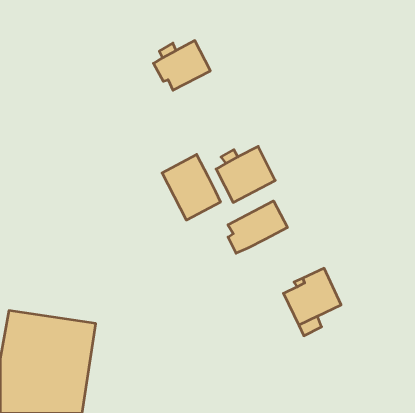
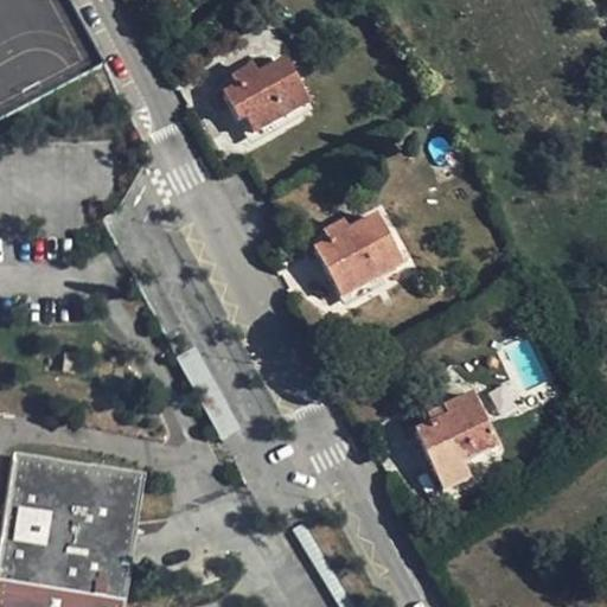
building: [162,154,220,220] -> none
building: [228,201,287,253] -> none

